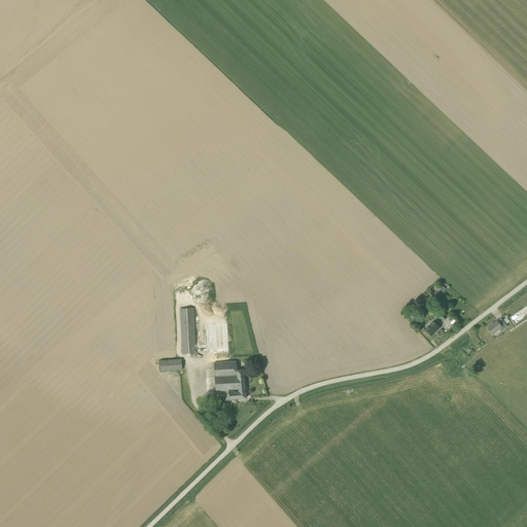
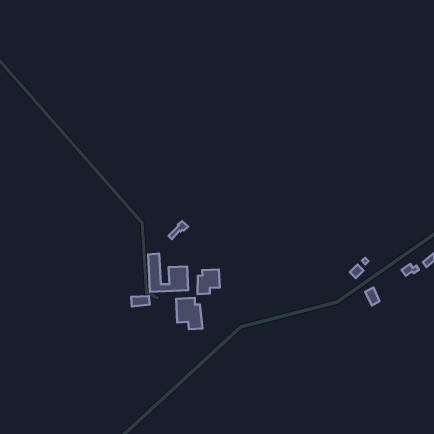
building: none -> [197,269,220,294]

